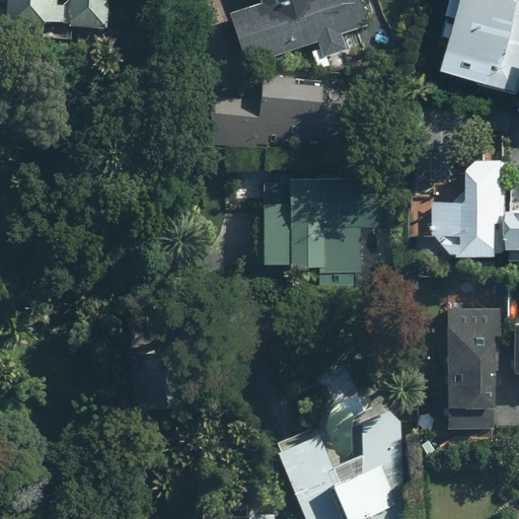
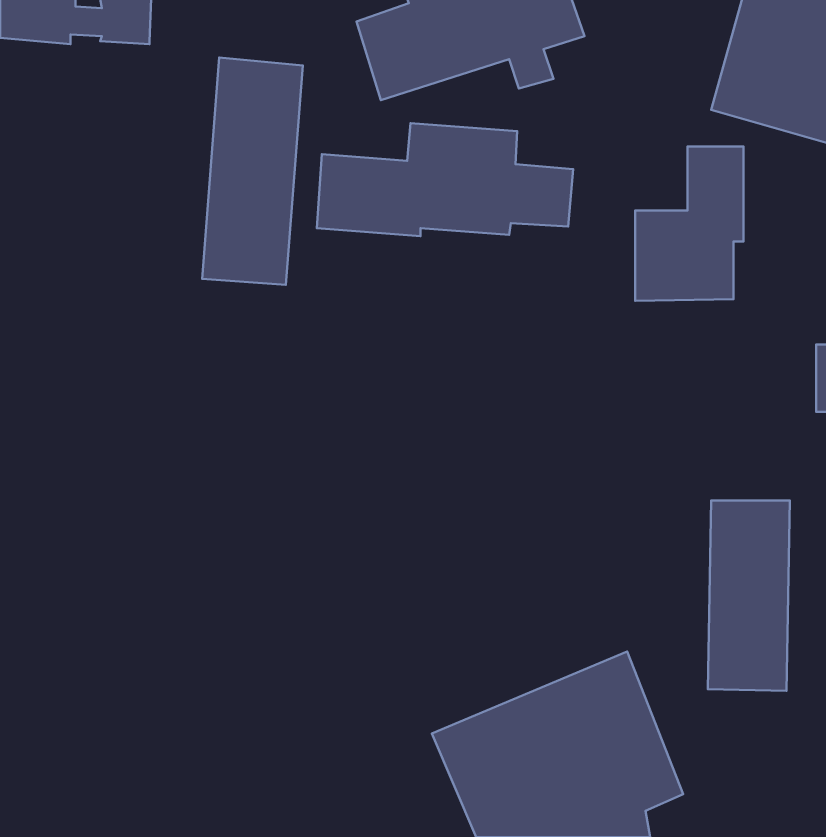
building: none -> [202,57,303,285]
building: [440,162,507,257] -> [635,146,743,301]
building: [263,178,365,285] -> none

